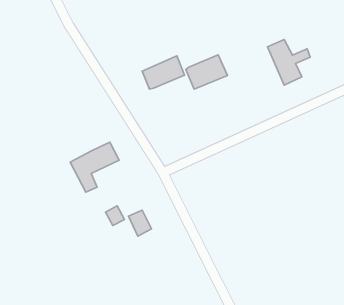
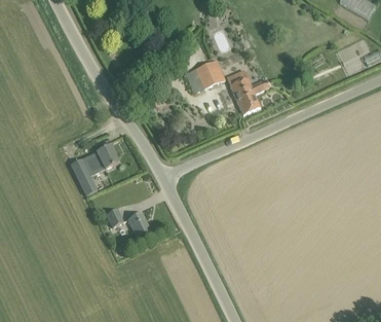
building: [267,39,310,85] -> [226,70,268,115]
building: [142,56,184,89] -> none

